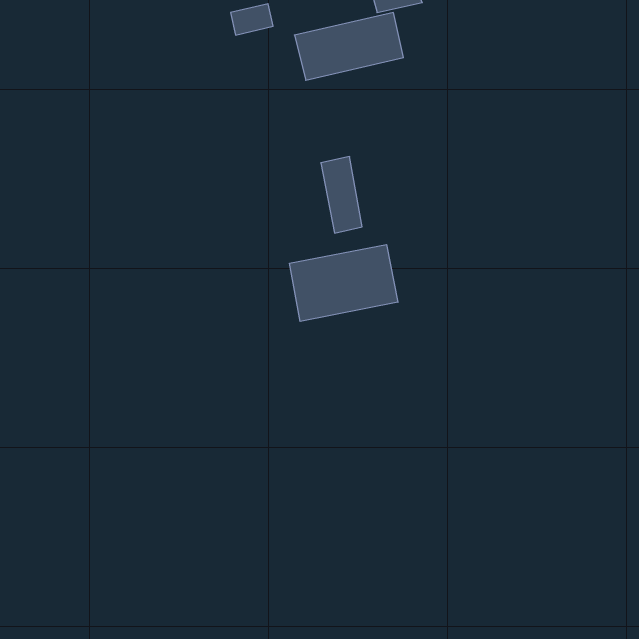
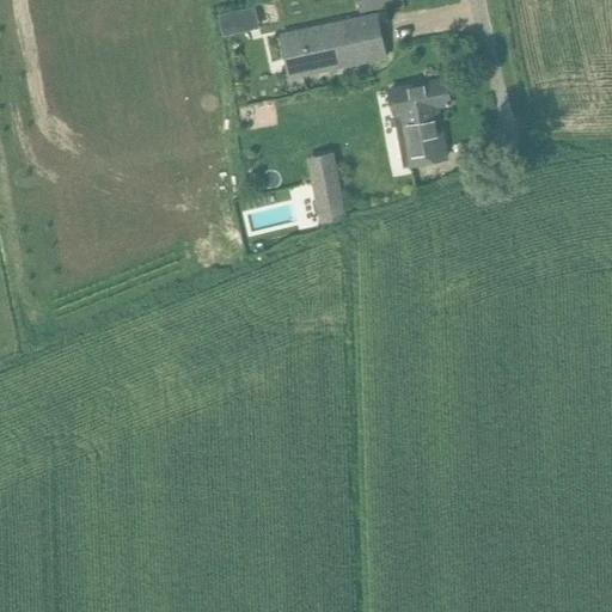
building: none -> [388,79,449,166]
building: [290,245,398,321] -> none

